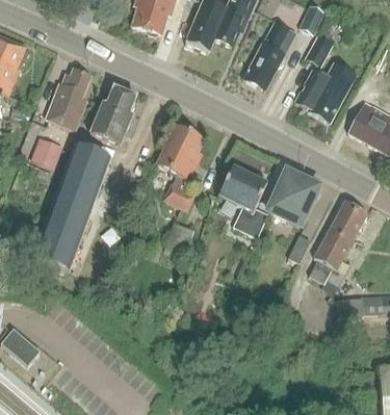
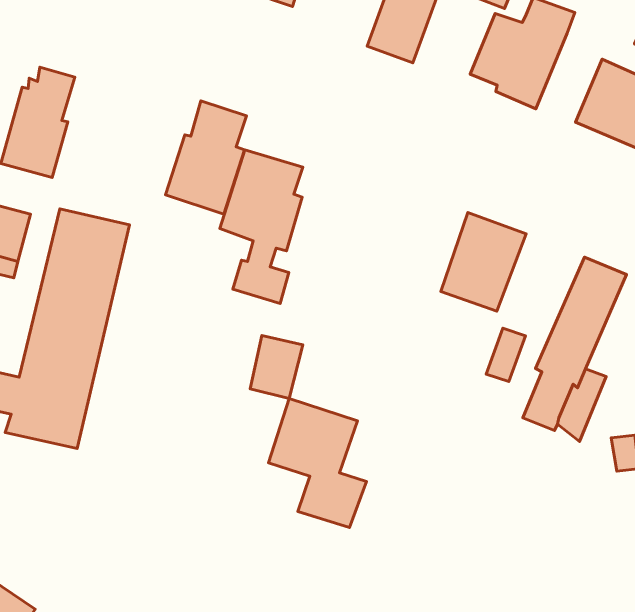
building: [90,85,137,146] -> [166,101,247,214]
building: [218,165,268,236] -> [268,399,366,528]

